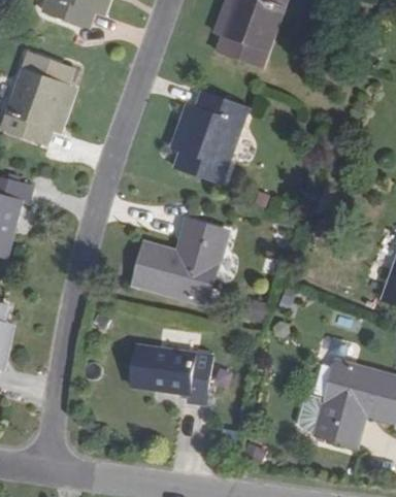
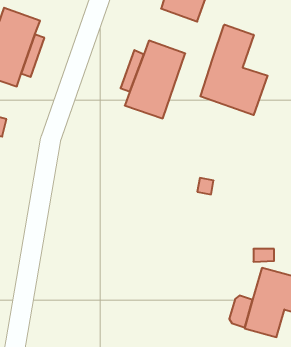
building: none -> [200,25,268,115]
building: [134,220,227,303] -> none
building: [130,343,212,404] -> none

